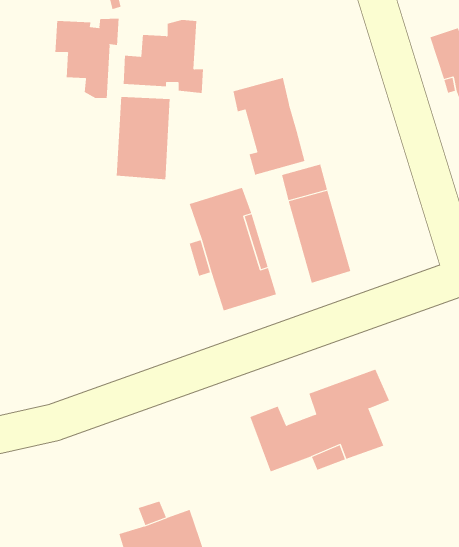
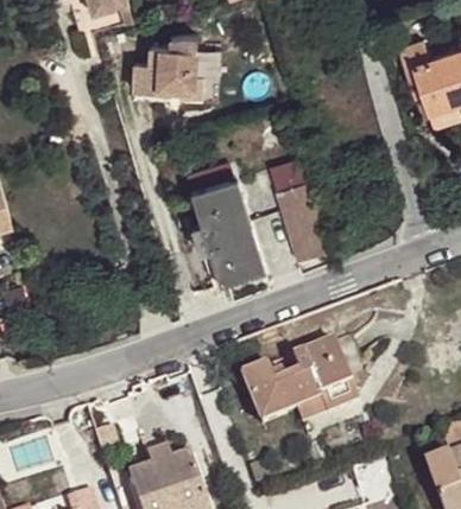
building: [55,18,119,99] -> none
building: [233,77,305,175] -> none
building: [116,96,170,180] -> none

